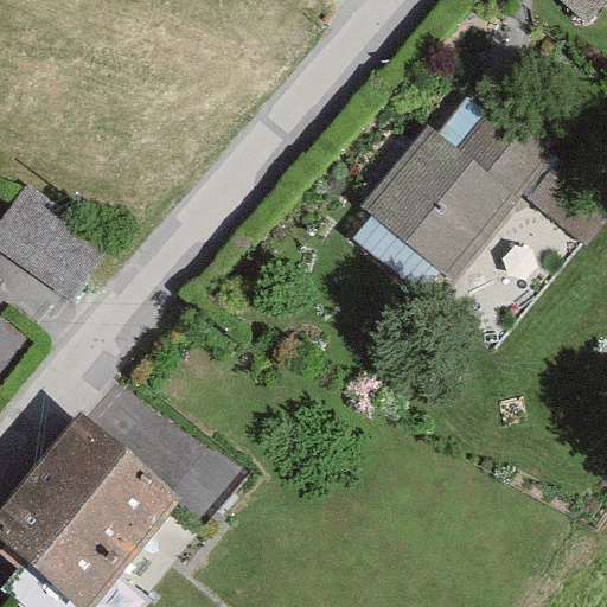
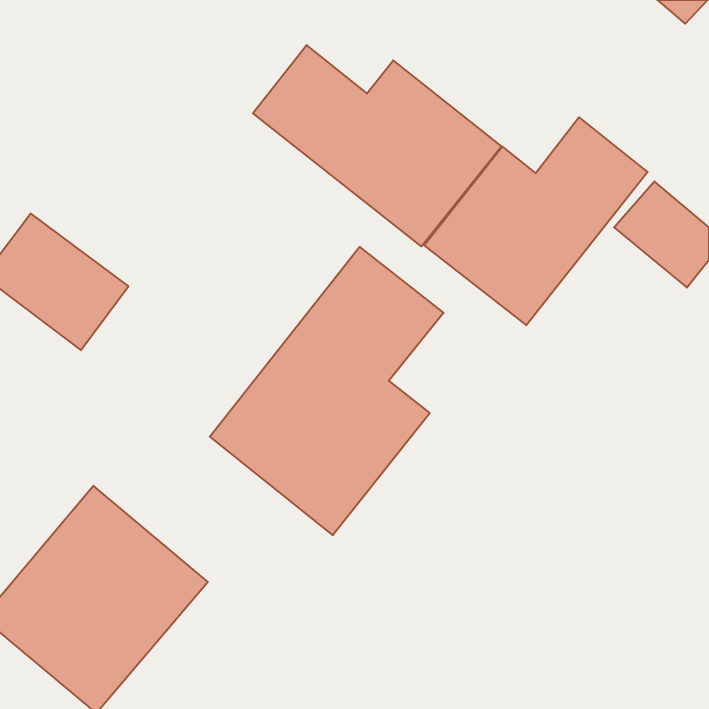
building: none -> [253,45,502,246]
building: none -> [210,247,444,535]

